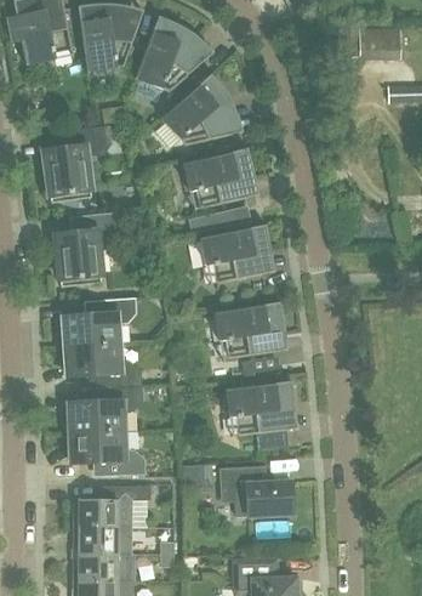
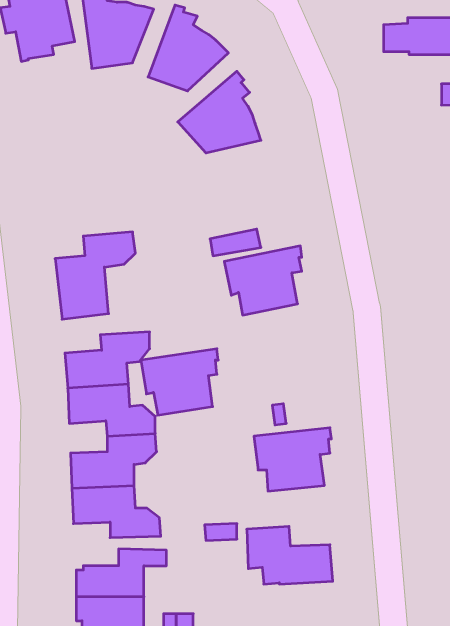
building: [44,125,112,203] -> none
building: [182,147,249,208] -> none
building: [215,301,281,358] -> [141,349,218,415]

